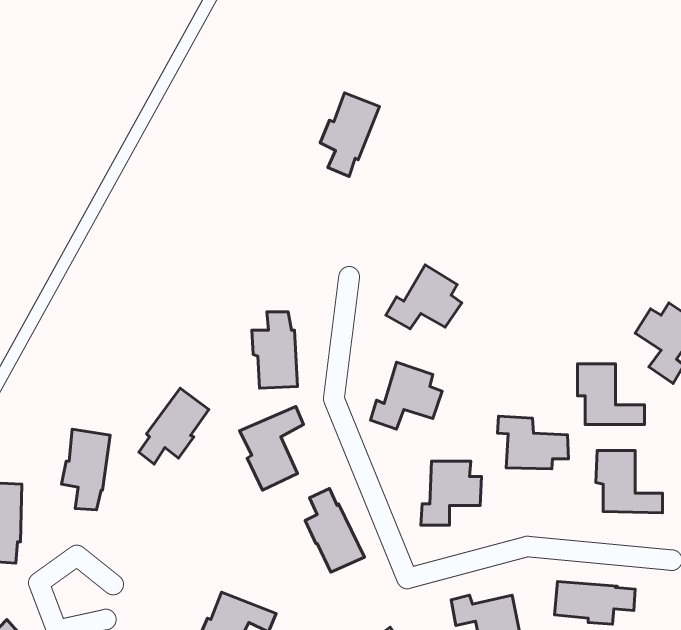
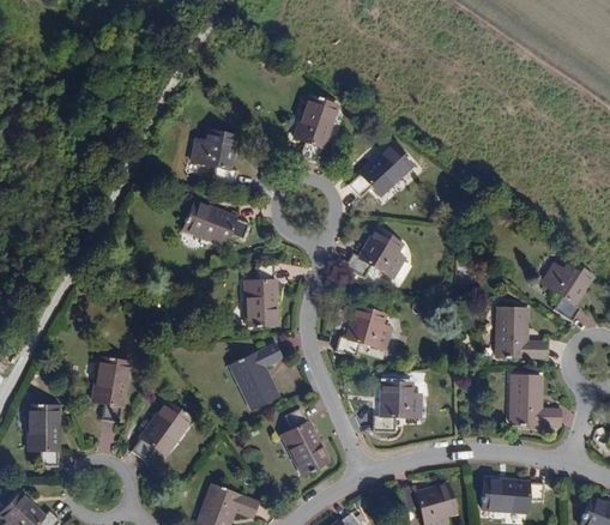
building: none -> [189,126,235,183]
building: none -> [346,144,410,200]
building: none -> [187,198,252,242]
building: [139,388,209,464] -> [137,399,192,459]
building: [497,416,569,469] -> none

